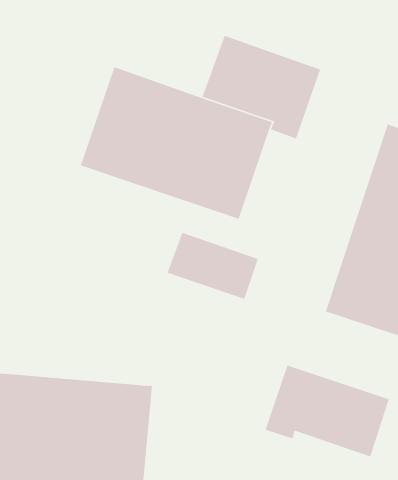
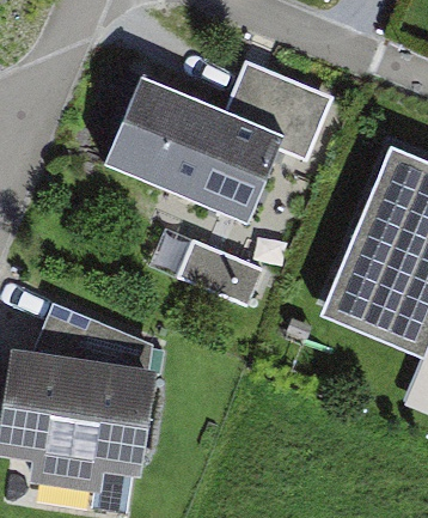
building: none -> [29,298,153,372]
building: [265,364,390,457] -> none

